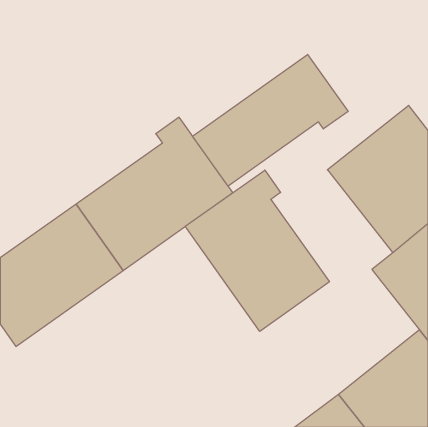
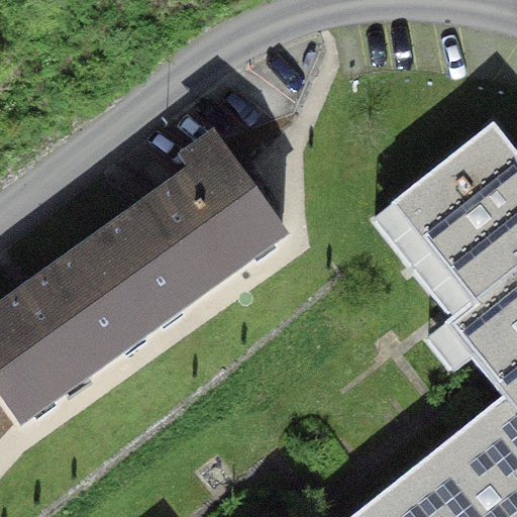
building: [193,54,348,186] -> none
building: [185,170,329,331] -> none

